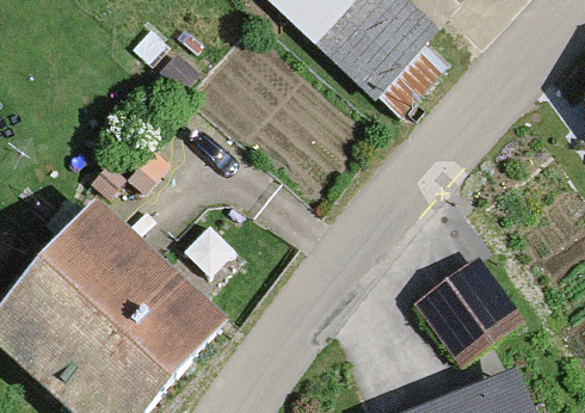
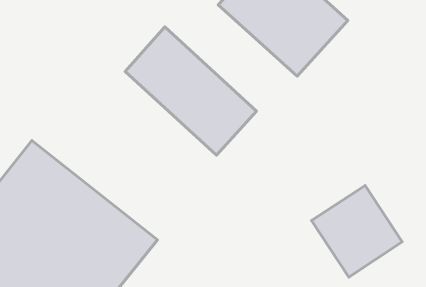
building: none -> [125,27,256,155]

